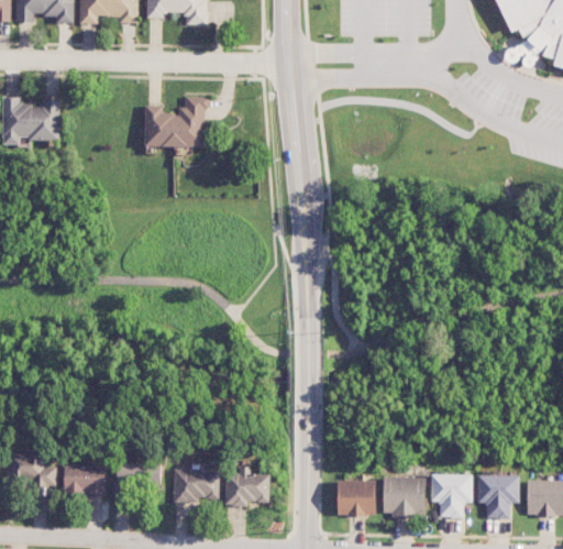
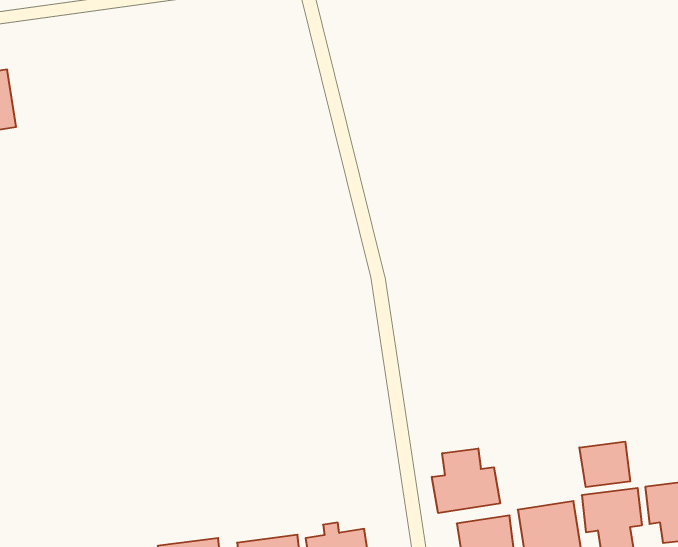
building: [144,97,206,147] -> none
building: none -> [432,448,500,513]
building: none -> [579,442,630,487]

